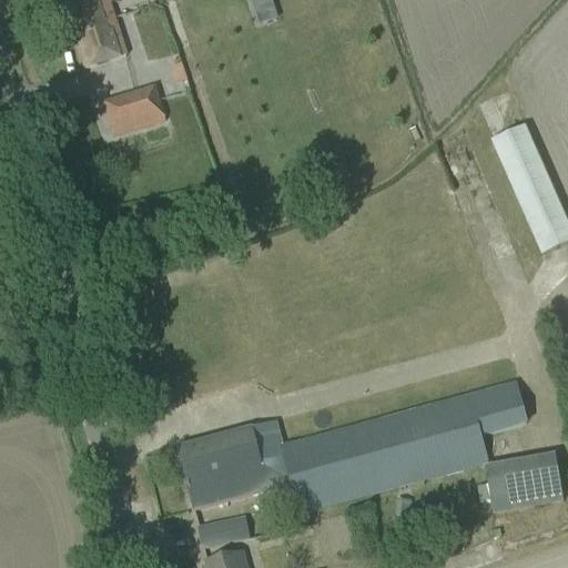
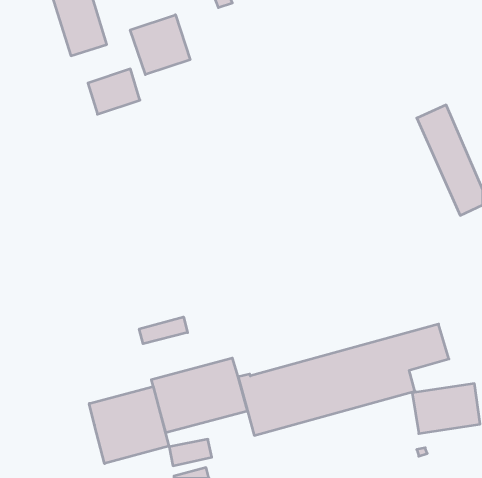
building: none -> [130,15,190,75]
building: none -> [139,317,188,344]
building: none -> [89,386,169,464]

